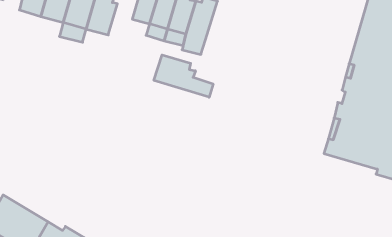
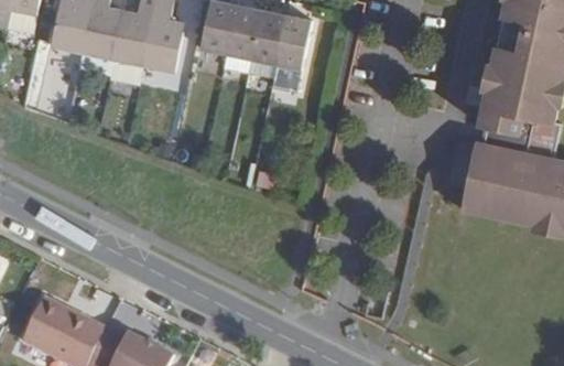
building: [154,55,213,97] -> none

